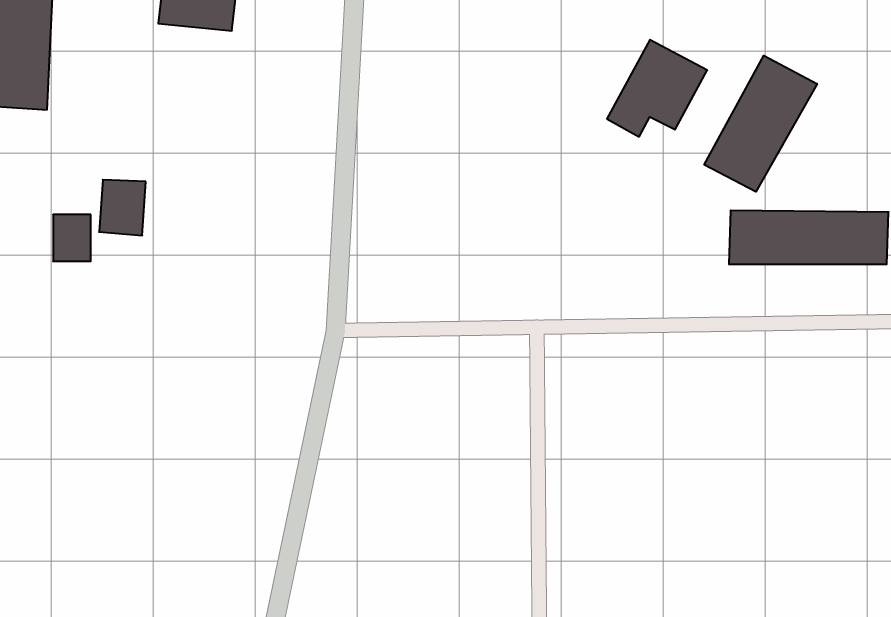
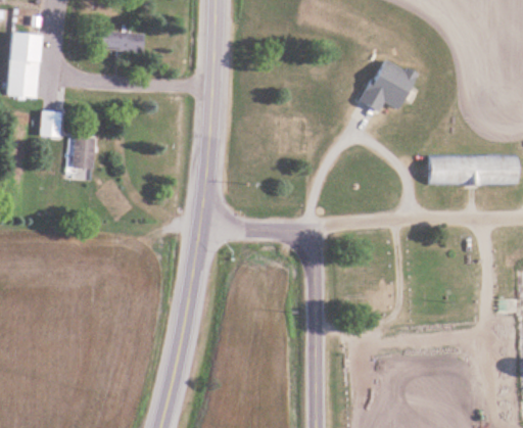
building: [704,56,817,192] -> none
building: [53,215,91,261] -> [41,110,62,137]

